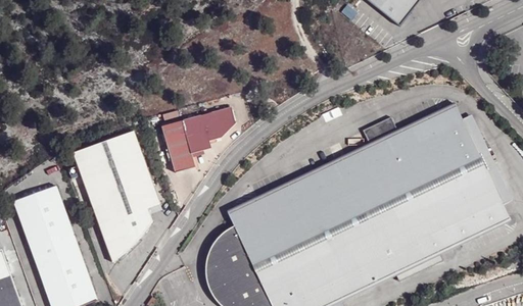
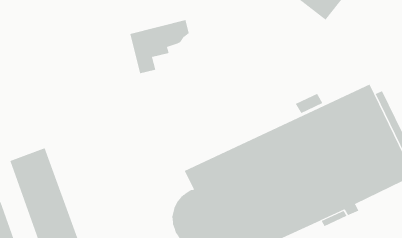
building: [162,106,236,172] -> [129,20,189,74]
building: [73,131,159,262] -> none

